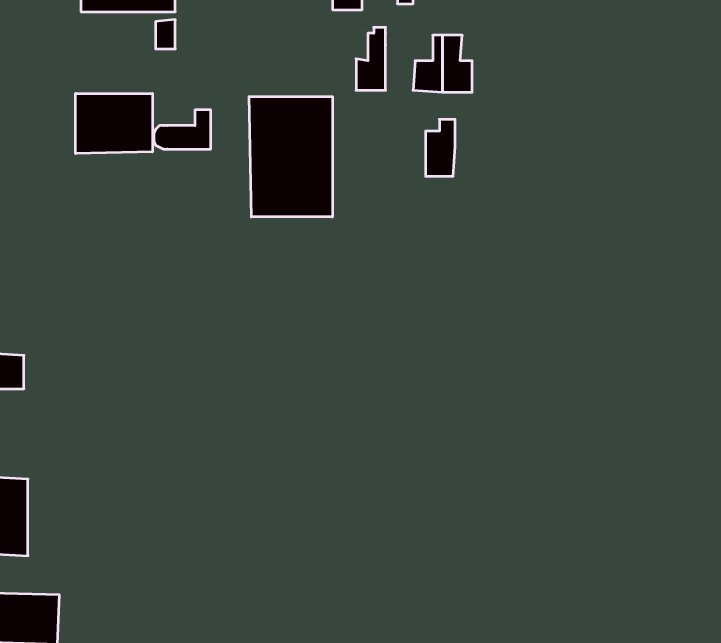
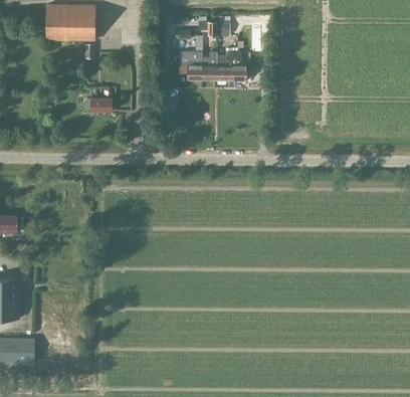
building: [76,93,152,154] -> none
building: [249,97,332,217] -> none
building: [426,119,455,176] -> [201,50,216,79]

